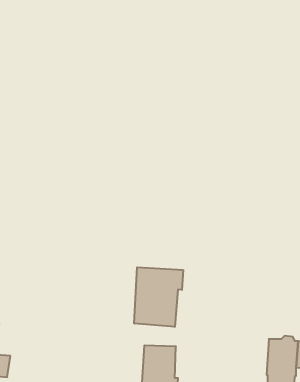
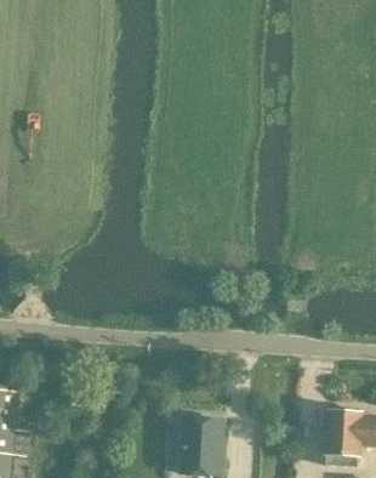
building: [134,267,183,327] -> none

